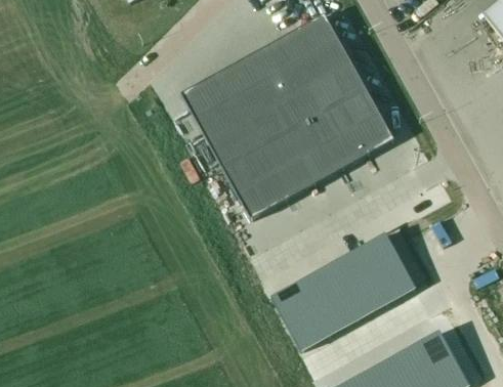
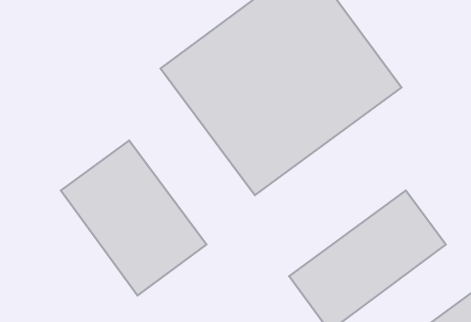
building: none -> [61,141,206,296]

